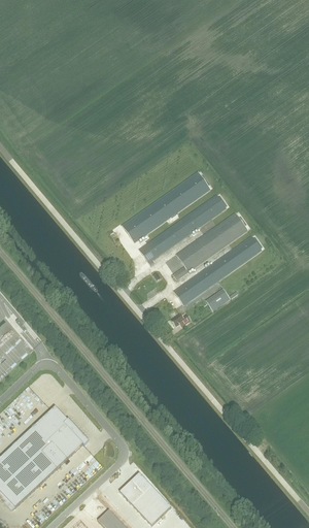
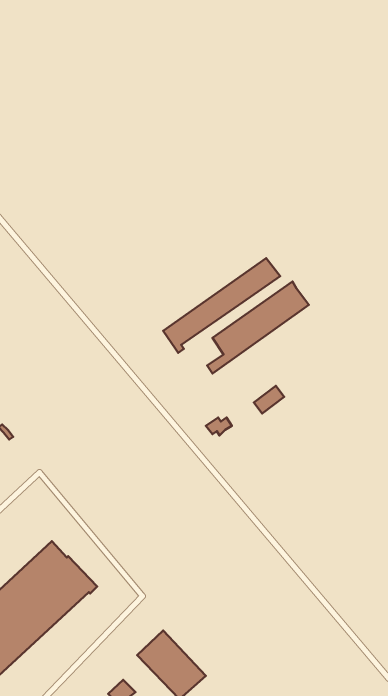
building: [121,171,209,242] -> none
building: [172,235,261,304] -> none

